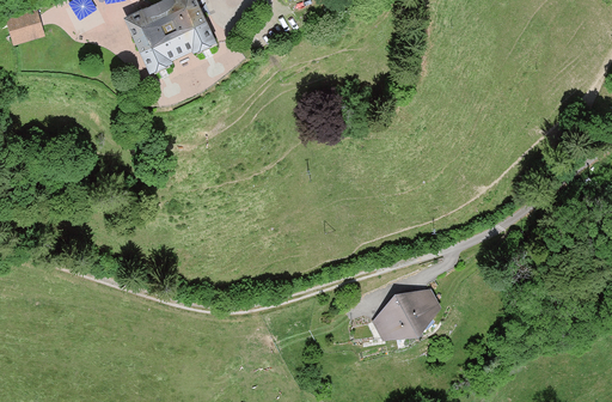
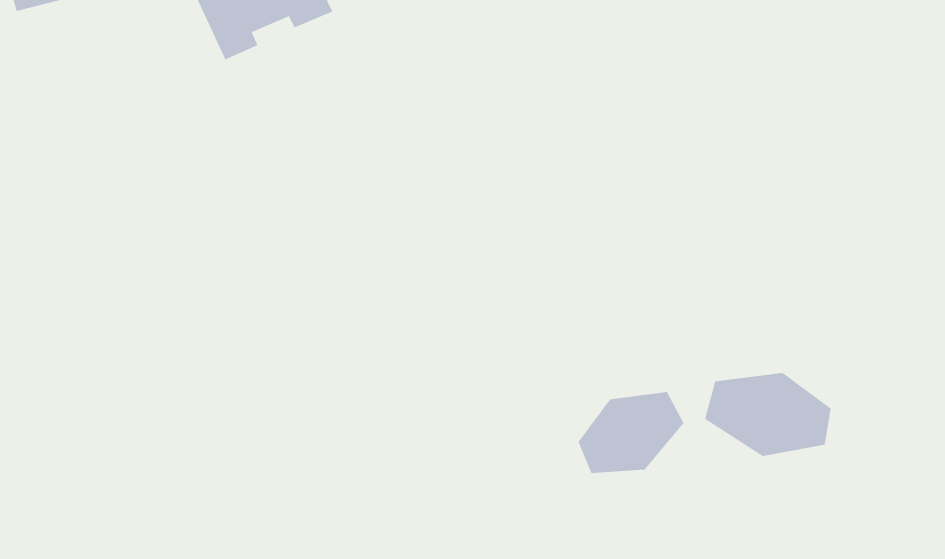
building: none -> [704,372,831,457]

